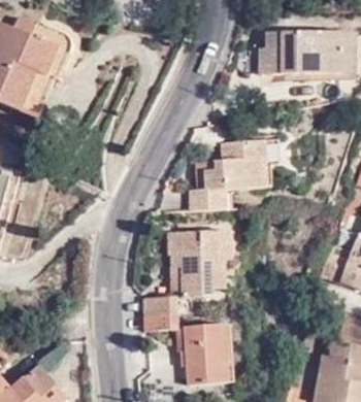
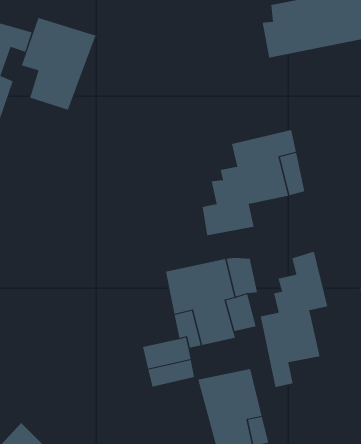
building: none -> [21,17,96,111]
building: none -> [260,251,328,388]

